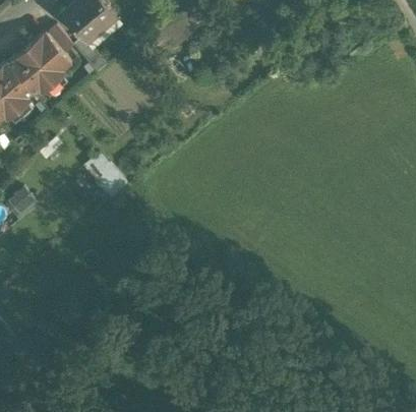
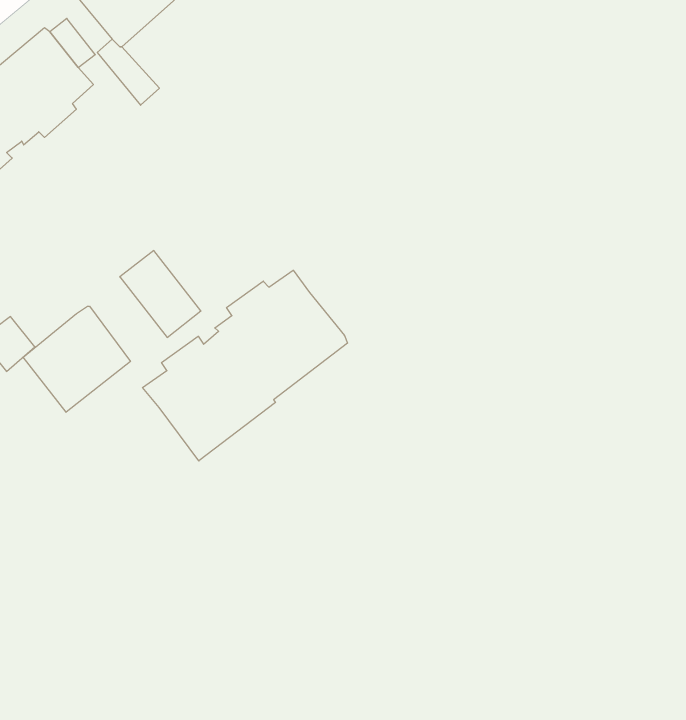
building: none -> [143,270,348,461]
building: none -> [23,306,130,412]

